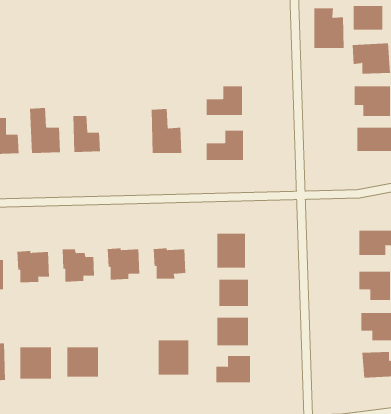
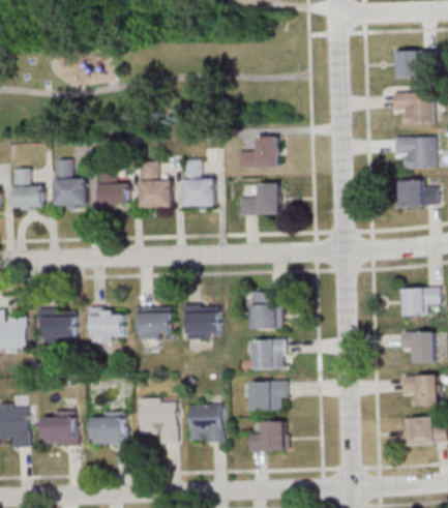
building: [314,7,344,49] -> none
building: none -> [139,161,172,209]
building: none -> [139,397,176,444]

